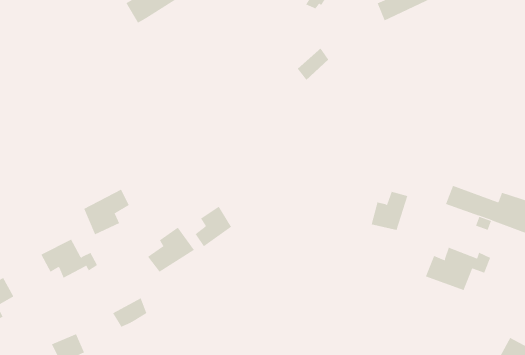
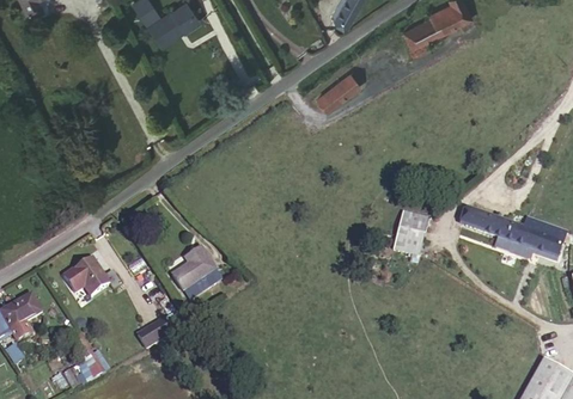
building: [84,189,130,235] -> none
building: [195,206,232,247] -> none
building: [425,247,491,291] -> none

